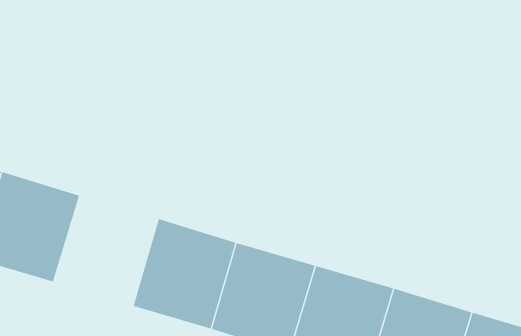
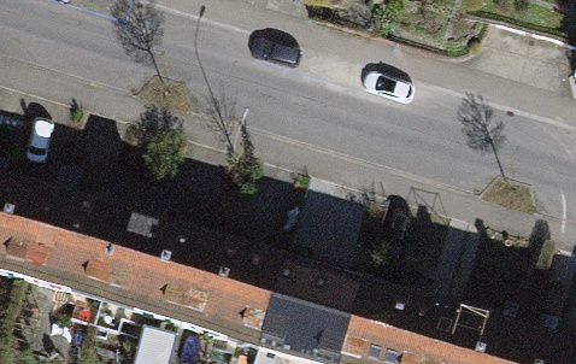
building: none -> [106,212,211,323]

